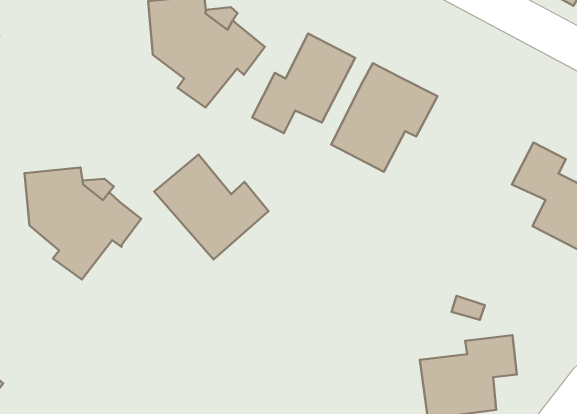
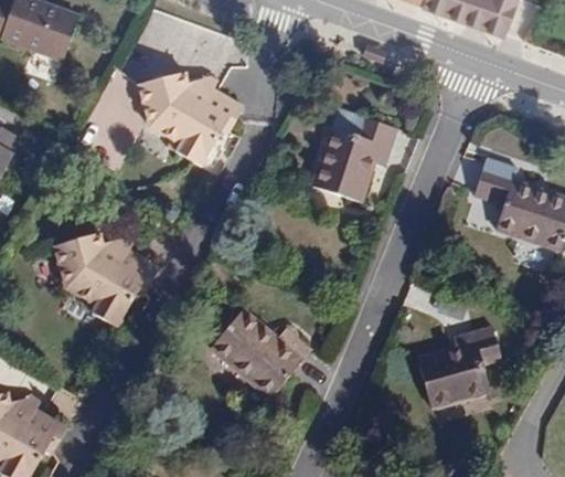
building: [252,34,355,133] -> none
building: [154,154,268,260] -> [210,309,310,398]

